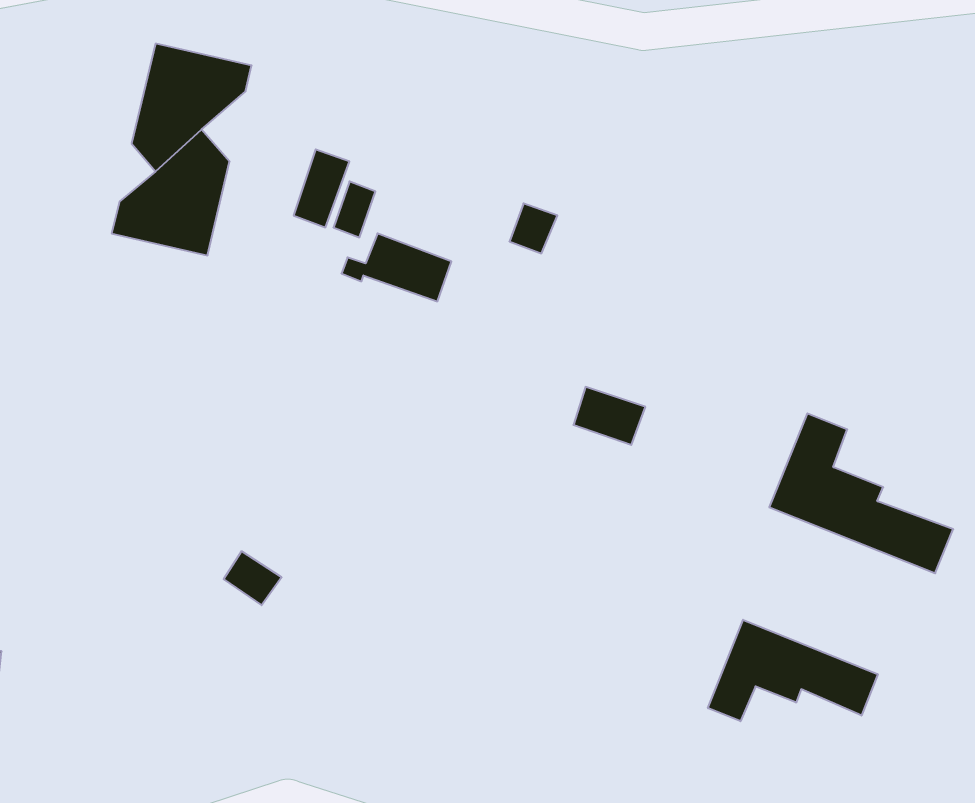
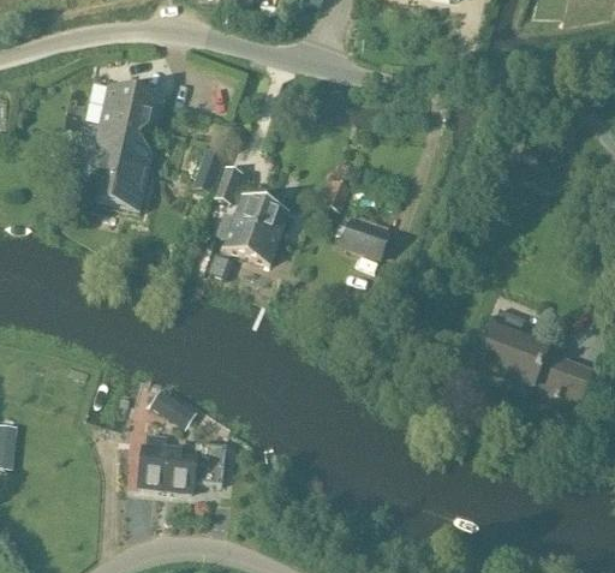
building: none -> [217,220,279,261]
building: [573,387,645,445] -> [345,220,388,255]
building: [708,620,878,721] -> none
building: none -> [138,441,226,489]

